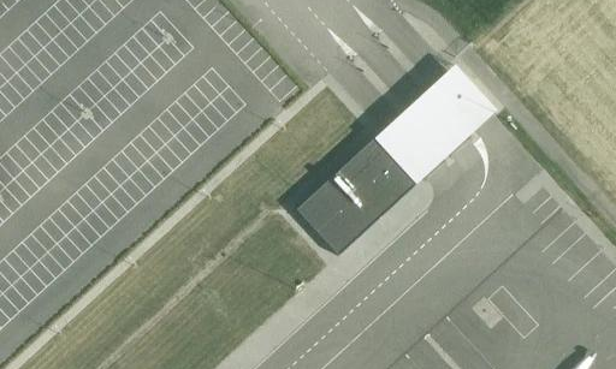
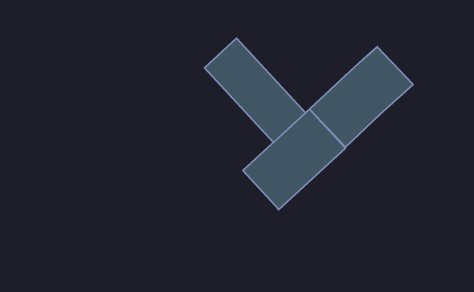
building: none -> [205,38,305,142]

